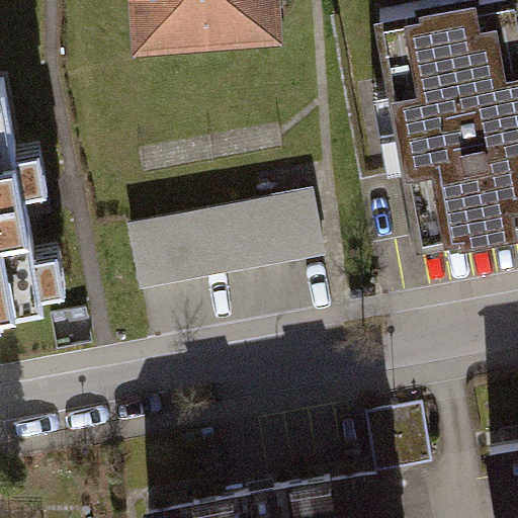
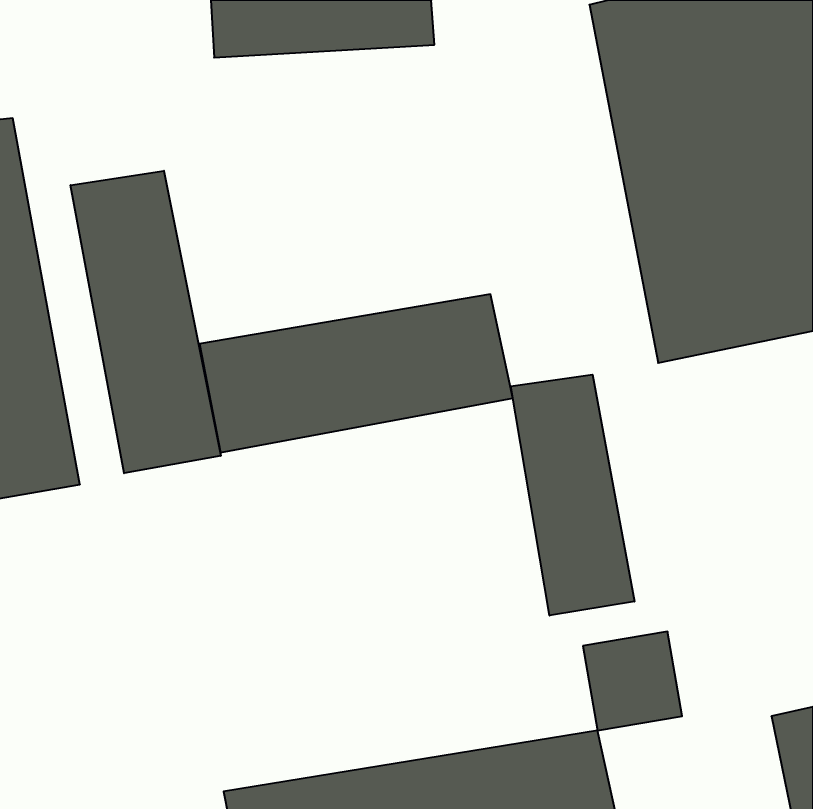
building: none -> [71,171,221,473]
building: none -> [511,375,634,616]

